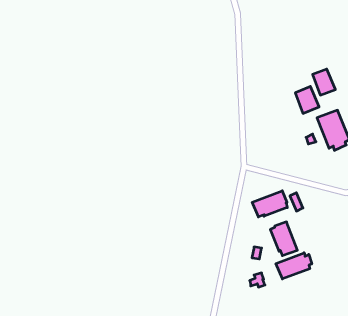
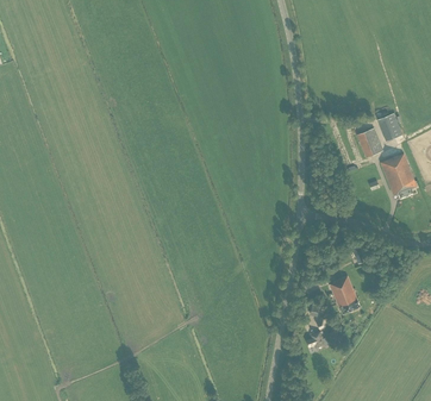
building: [252,191,287,217] -> none
building: [276,253,312,279] -> none

